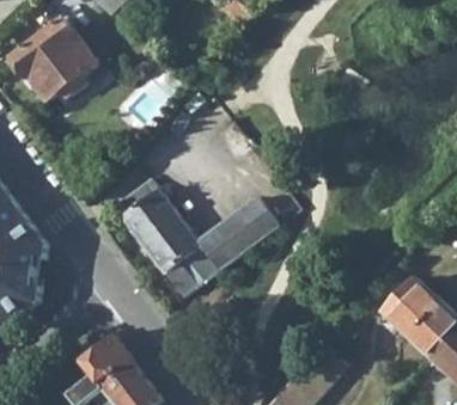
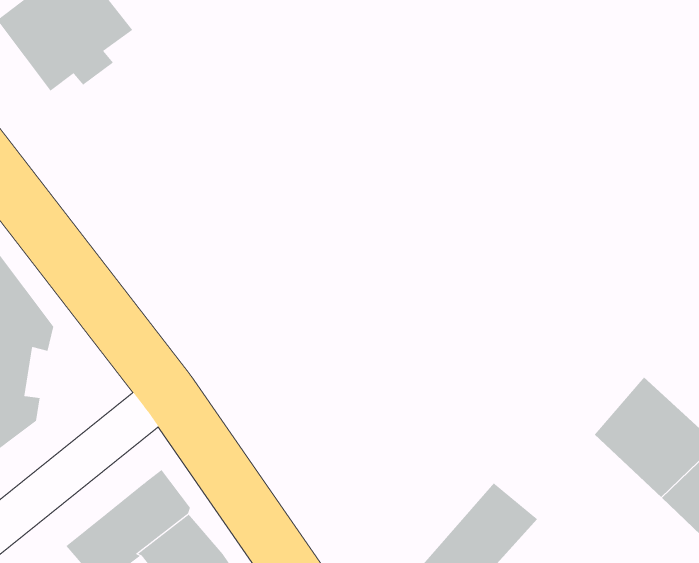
building: [112,177,278,297] -> none

